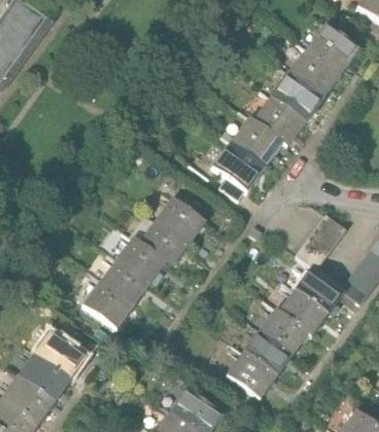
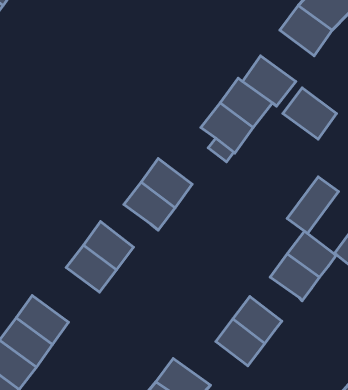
building: [270,74,321,123] -> [283,88,336,139]
building: [115,237,164,283] -> none
building: [260,309,307,354] -> none

